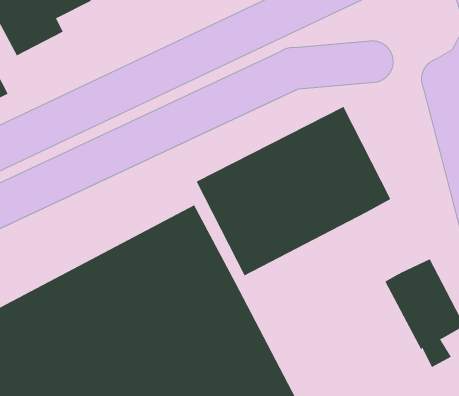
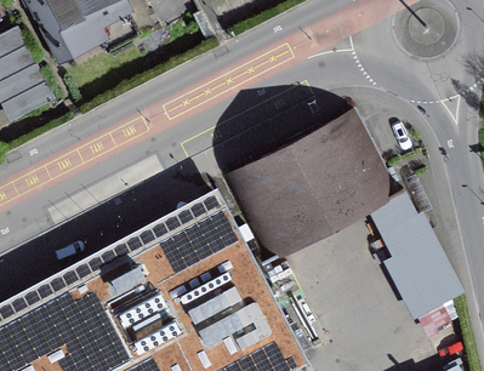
building: none -> [375,193,432,259]

